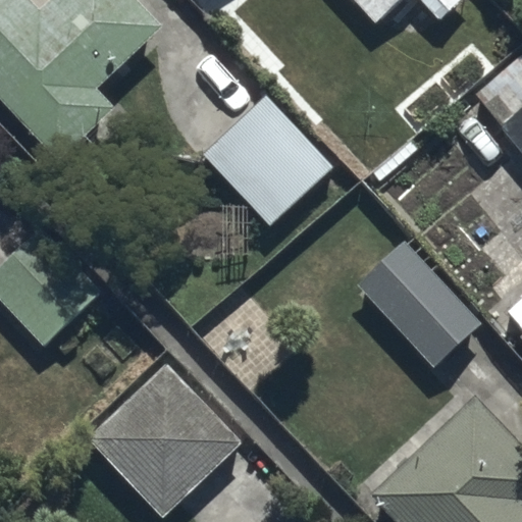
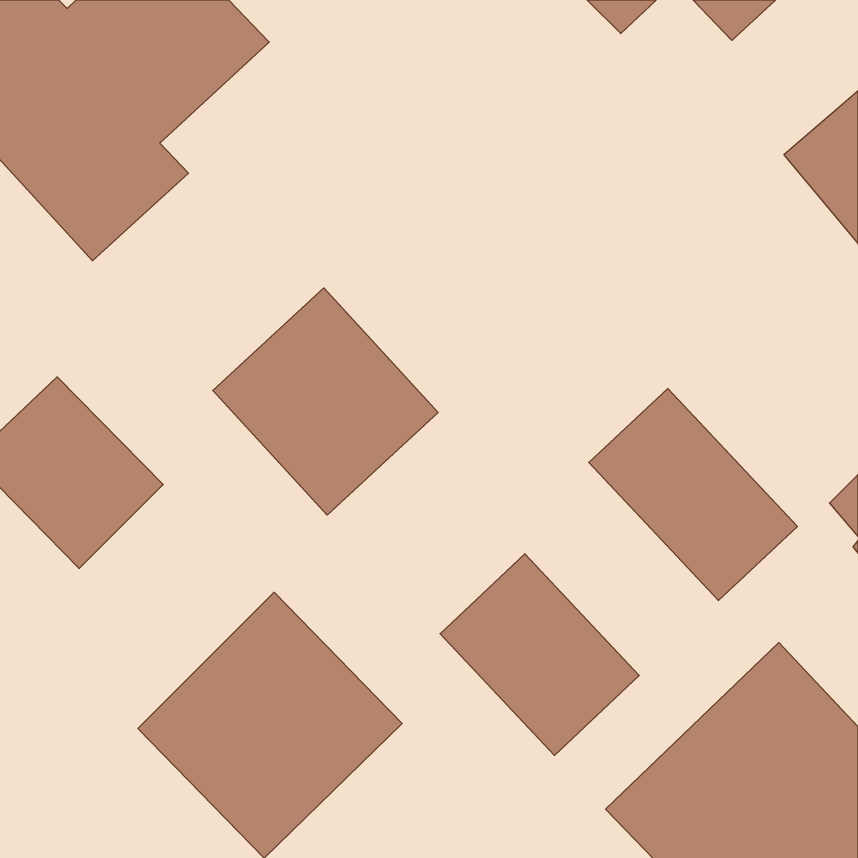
building: [199,93,335,230] -> [213,288,438,515]
building: none -> [440,554,639,755]

